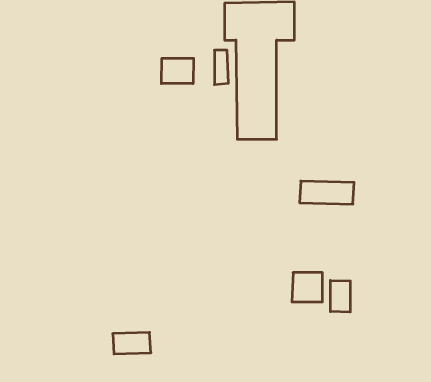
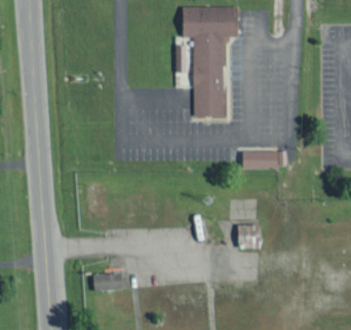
building: [161,58,194,84] -> none
building: [330,280,350,312] -> none

